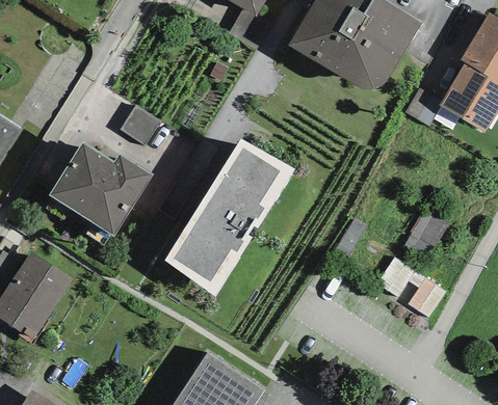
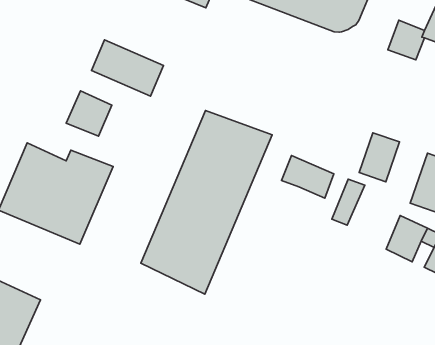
building: none -> [91,40,164,96]
building: none -> [359,133,400,182]
building: none -> [282,155,334,198]

